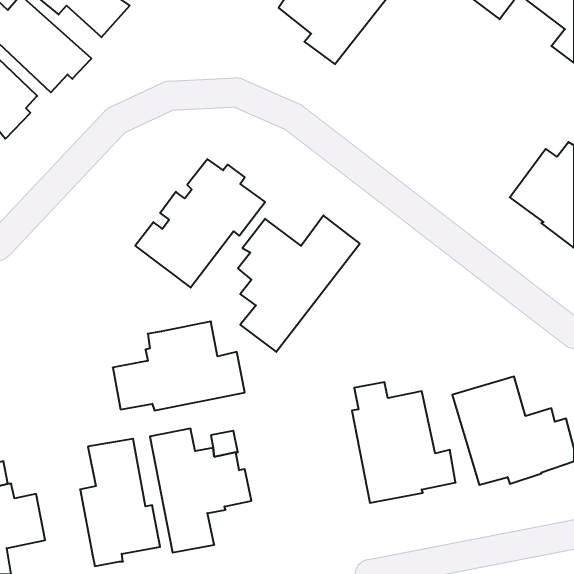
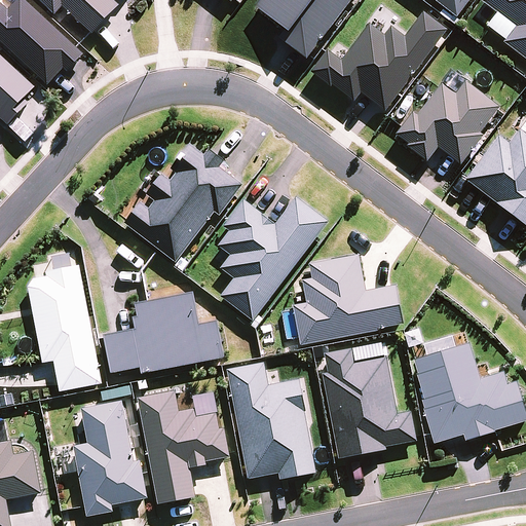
building: none -> [309,11,446,110]
building: none -> [394,80,498,164]
building: none -> [292,255,402,345]
building: none -> [27,266,101,391]
building: none -> [226,362,314,480]

